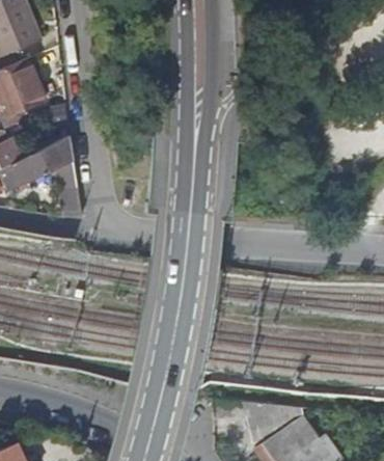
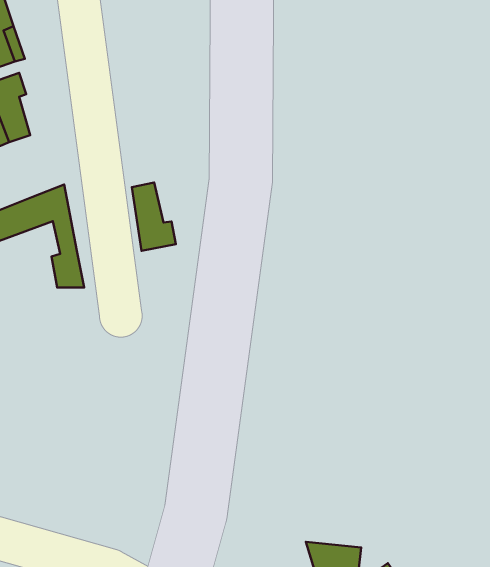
building: none -> [132,182,176,251]

